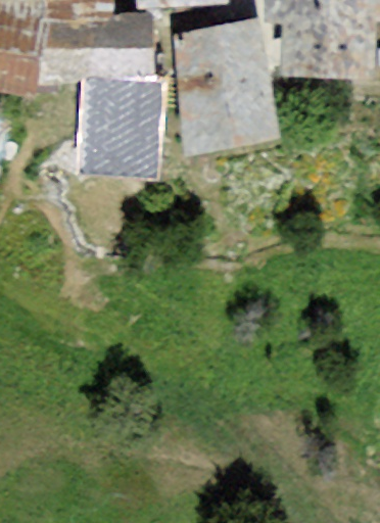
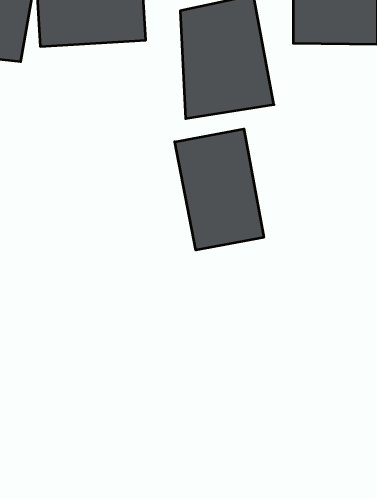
building: [82,85,158,174] -> none
building: none -> [175,129,264,250]

